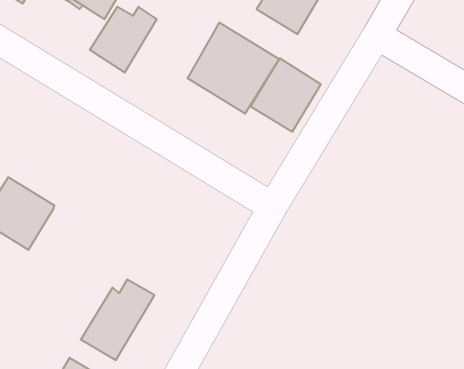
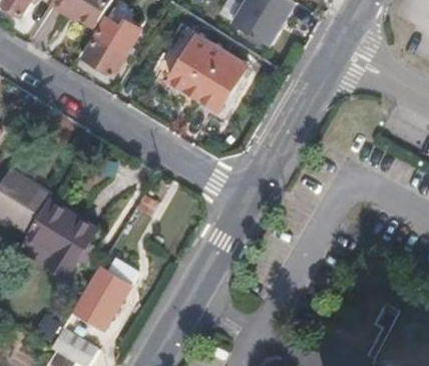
building: [250,58,321,132] -> none
building: none -> [26,198,97,275]

